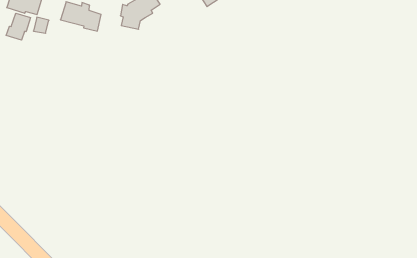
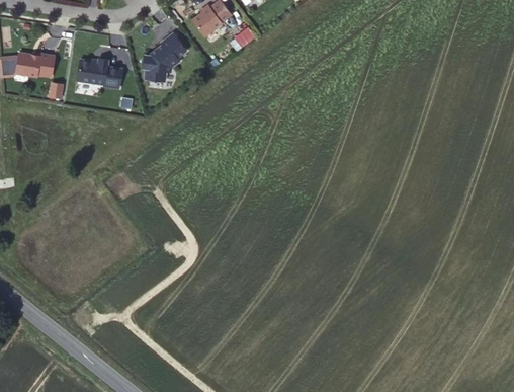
building: [6,13,30,40] -> none

